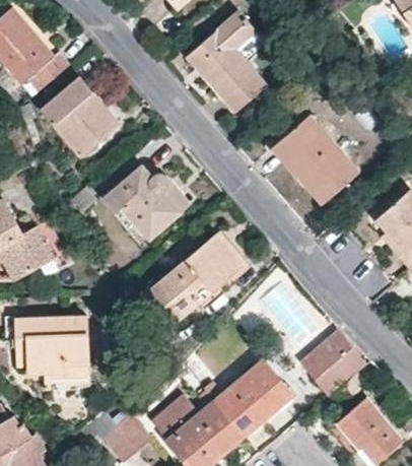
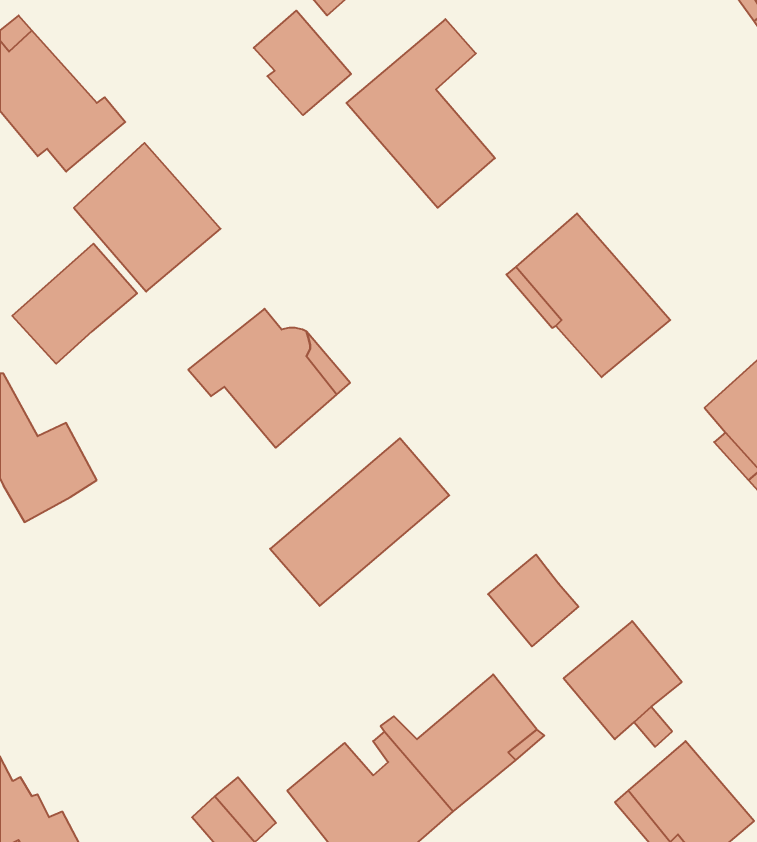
building: none -> [254,11,351,115]
building: none -> [12,244,137,364]
building: none -> [488,555,578,646]
building: [14,316,88,388] -> none

